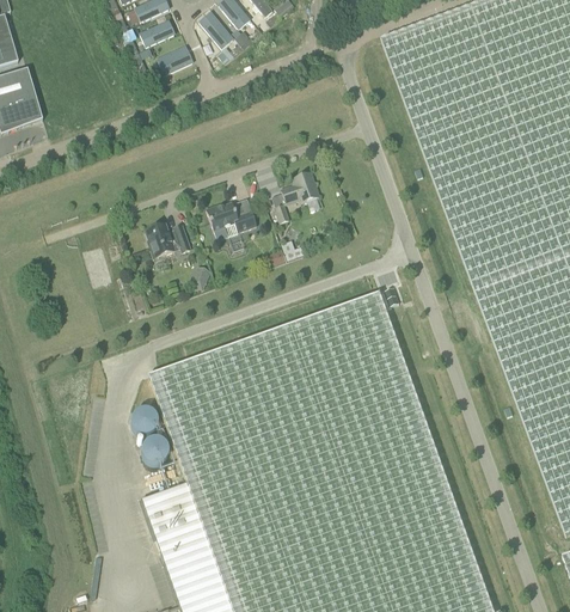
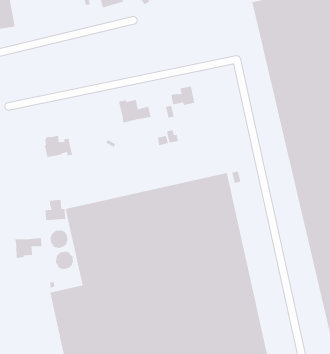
building: [146,222,190,257] -> [44,135,73,158]
building: none -> [45,199,66,221]
building: none -> [15,237,42,259]

